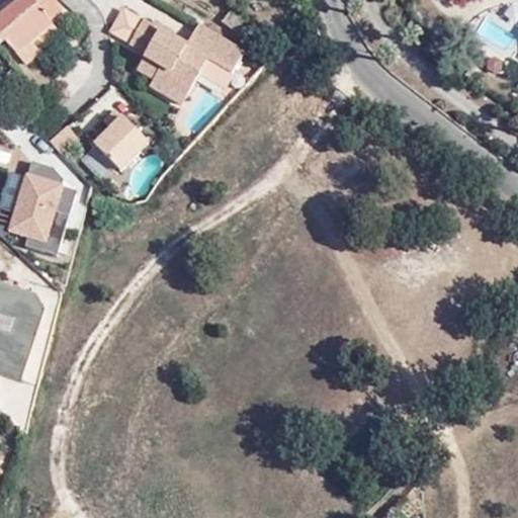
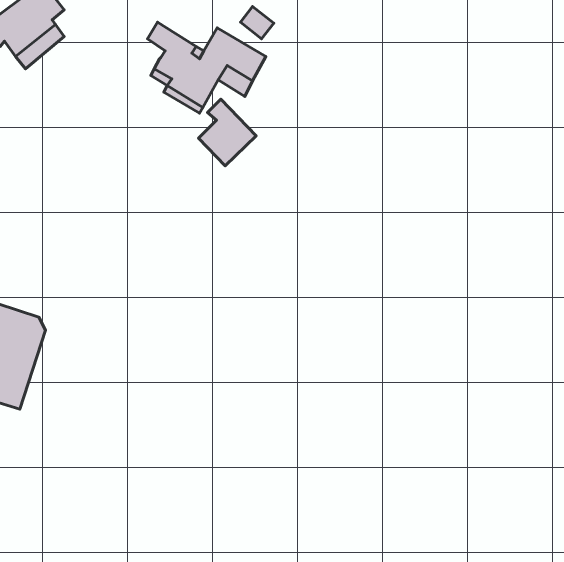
building: [109,9,151,54] -> none
building: [96,108,149,169] -> [199,99,256,166]
building: [6,168,63,239] -> none

